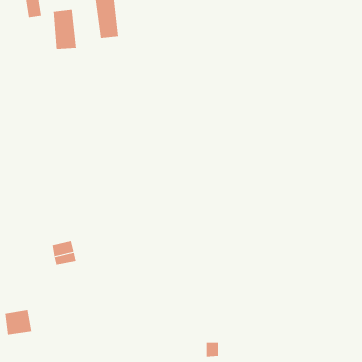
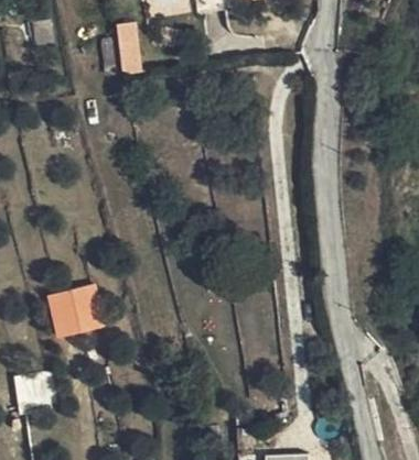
building: [53,9,77,50] -> none

